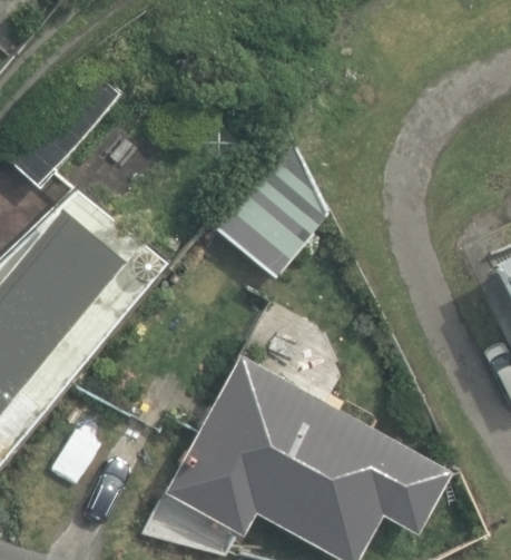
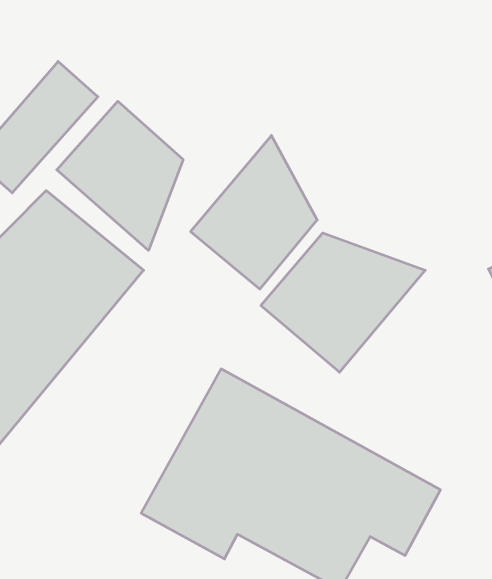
building: none -> [57,101,183,250]
building: none -> [261,233,425,372]

